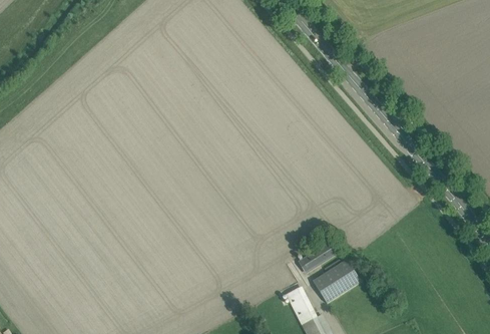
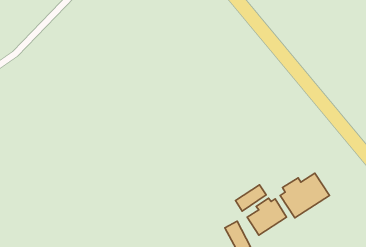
building: none -> [280,173,330,218]

